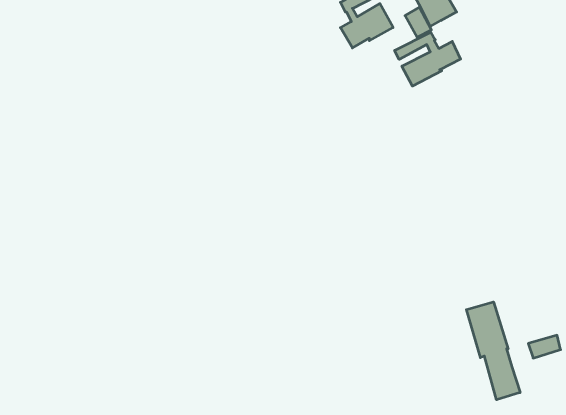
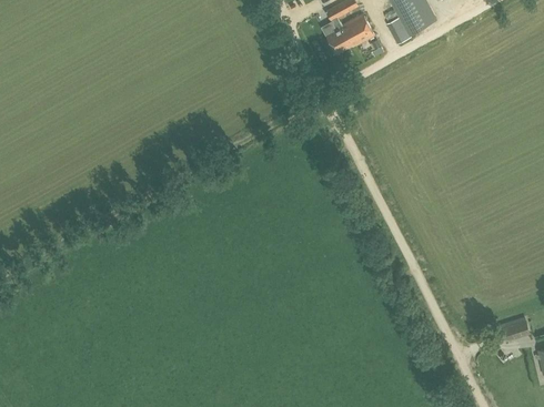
building: [395,32,461,86] -> none
building: [466,302,520,400] -> none

